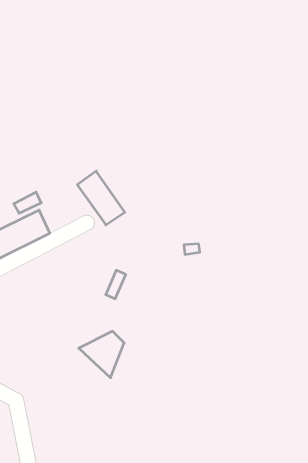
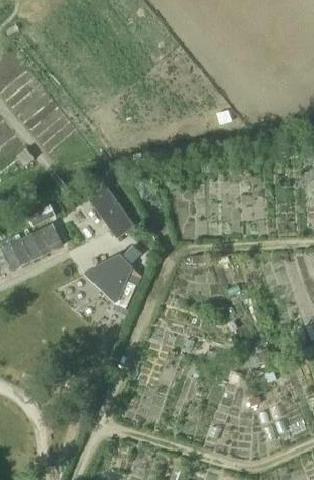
building: [79,331,124,378] -> [83,256,127,301]

